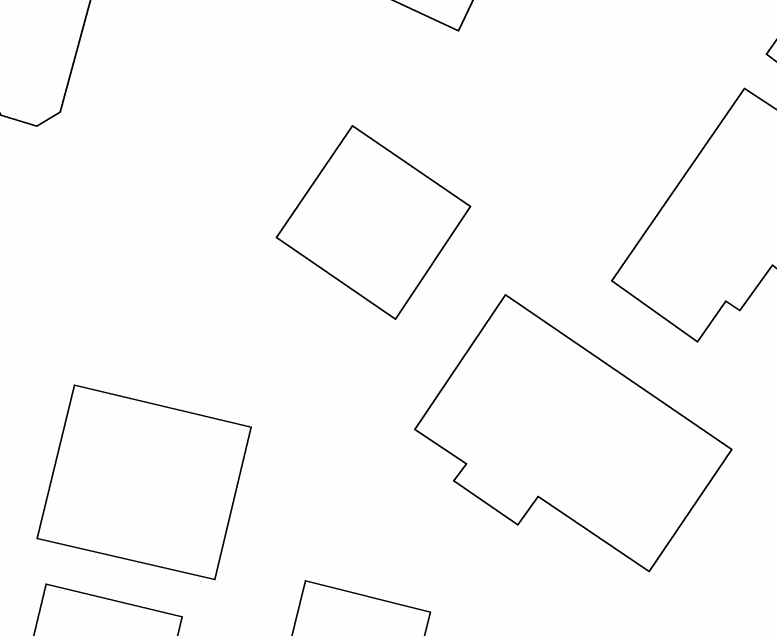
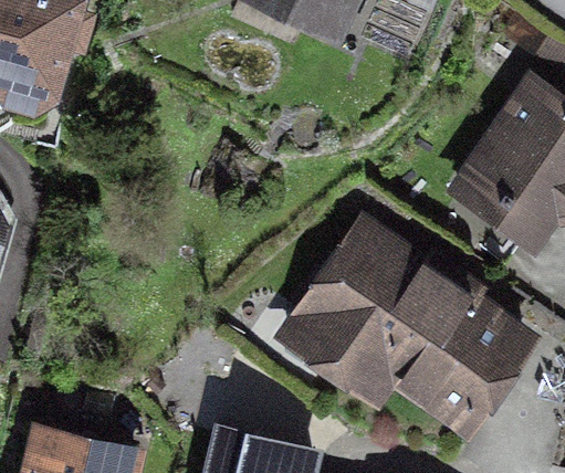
building: [276,126,470,319] -> none
building: [37,385,251,579] -> none

